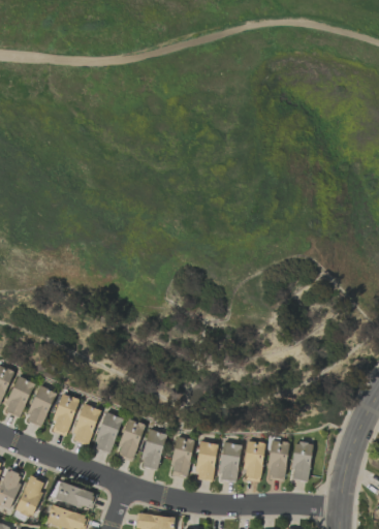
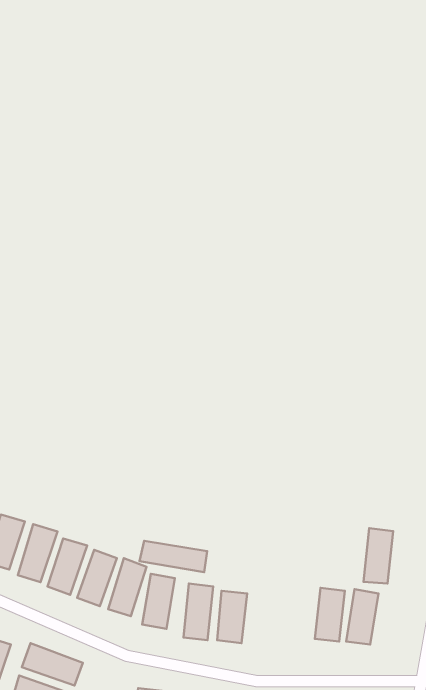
building: none -> [139,541,207,572]
building: [243,441,264,481] -> [364,528,393,583]
building: [218,442,241,481] -> none

